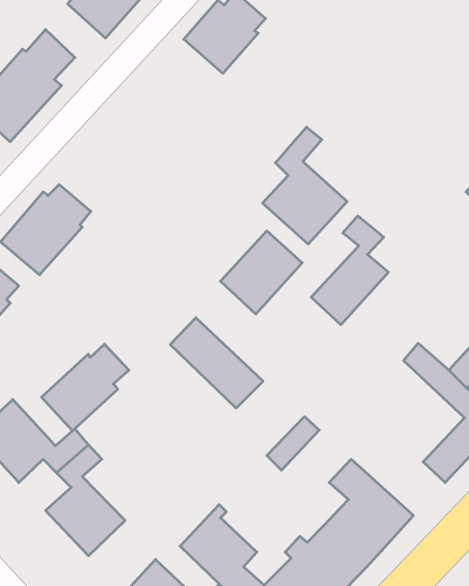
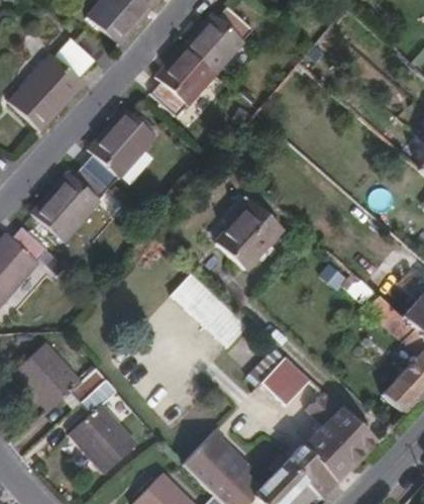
building: none -> [150,44,217,114]
building: none -> [82,108,156,187]
building: [263,127,347,244] -> none
building: [311,216,388,325] -> none
building: [42,344,129,431] -> none

